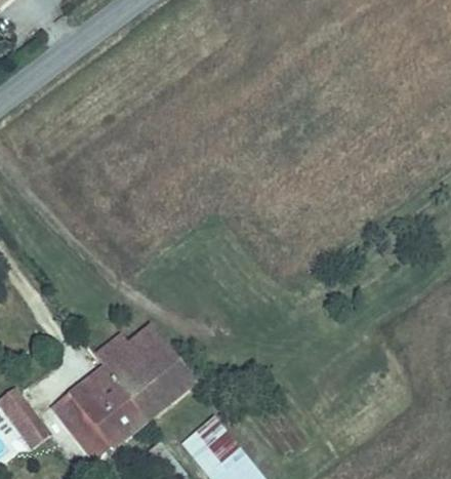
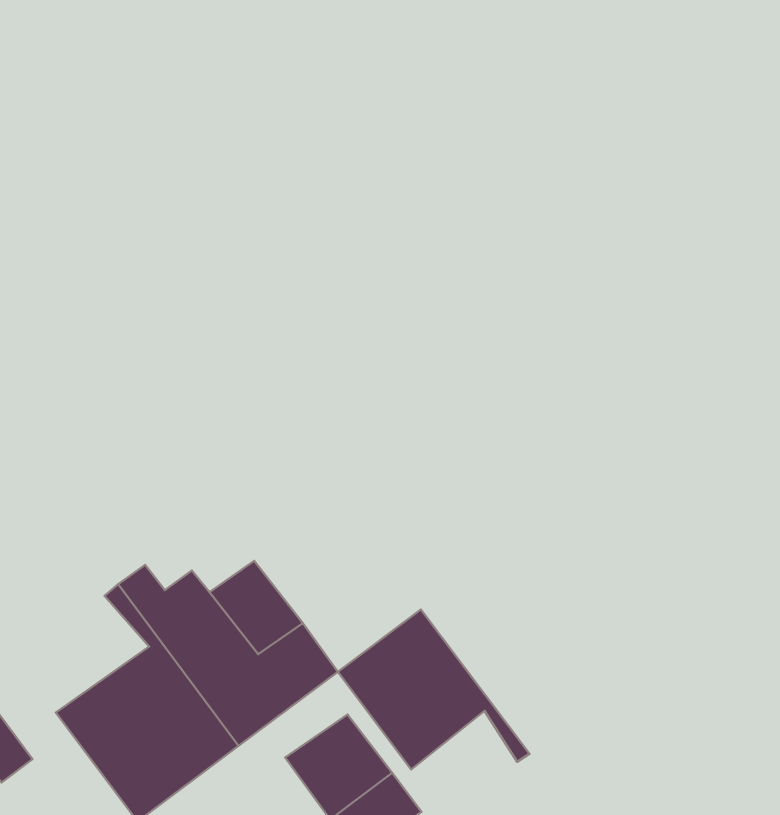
building: none -> [338,610,529,769]

